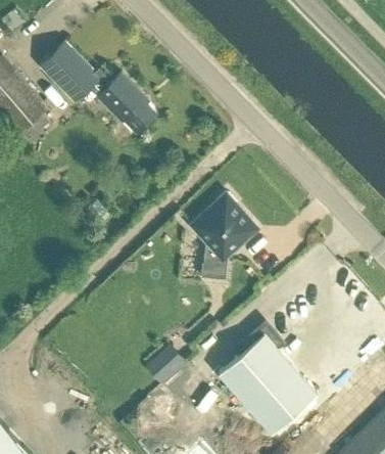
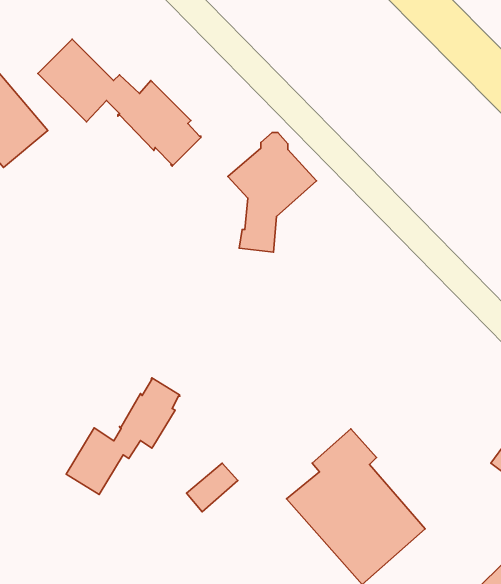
building: [193,195,256,281] -> [228,132,316,252]
building: none -> [66,378,180,495]

